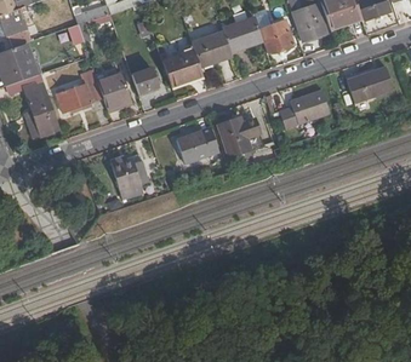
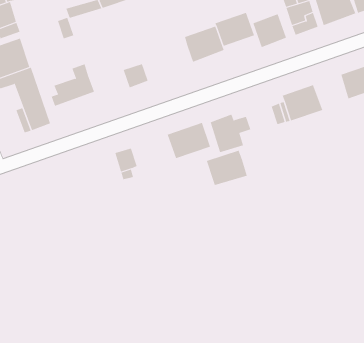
building: [161,51,202,86] -> none
building: [97,73,131,113] -> none
building: none -> [206,150,248,186]

